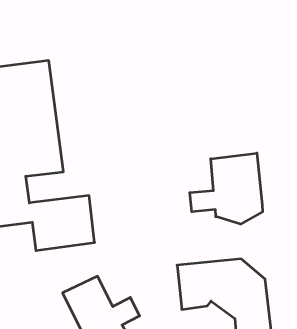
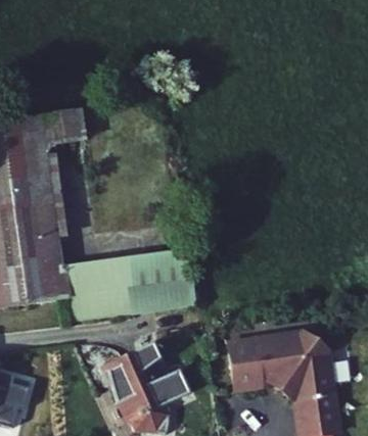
building: [190,153,263,224] -> none
building: none -> [131,252,196,311]

